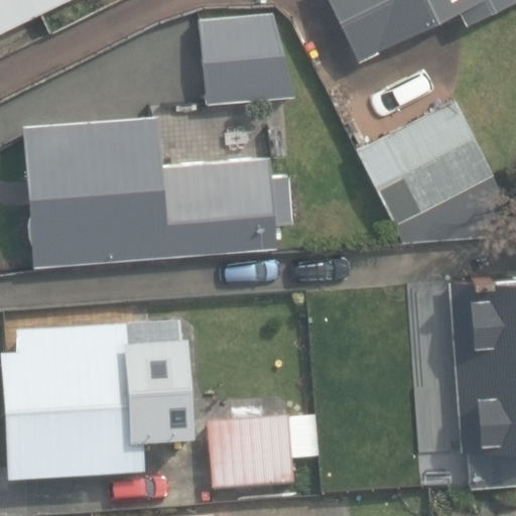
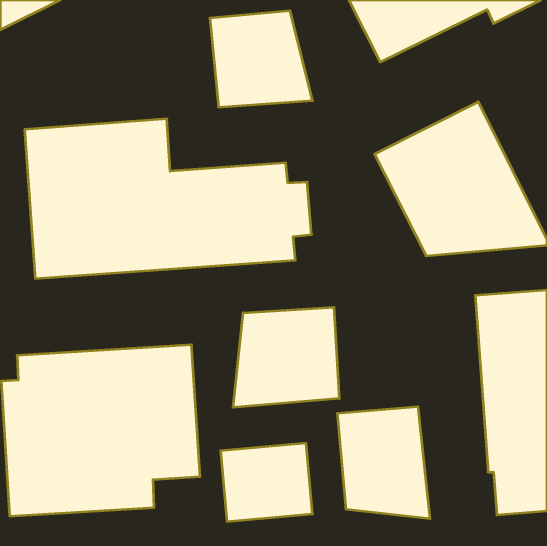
building: none -> [233,307,339,407]
building: none -> [338,407,430,519]

